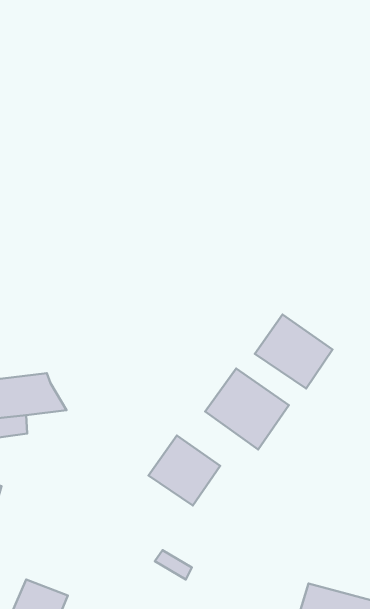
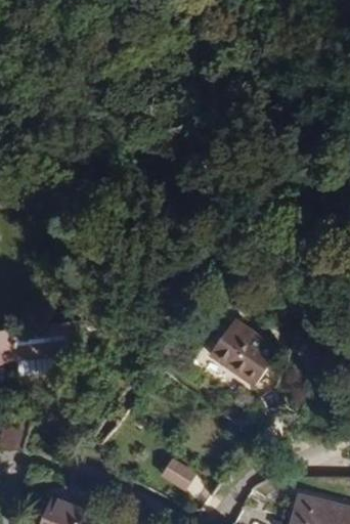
building: [255,315,333,389] -> none
building: [149,435,220,505] -> none

